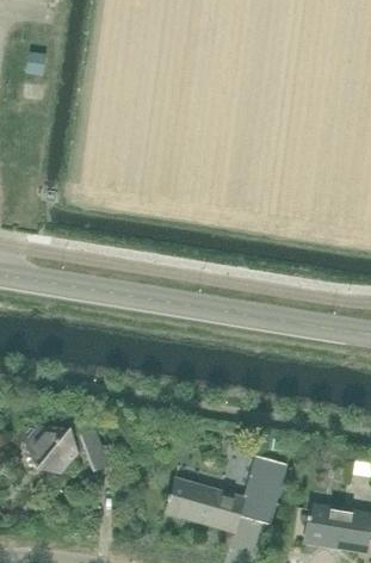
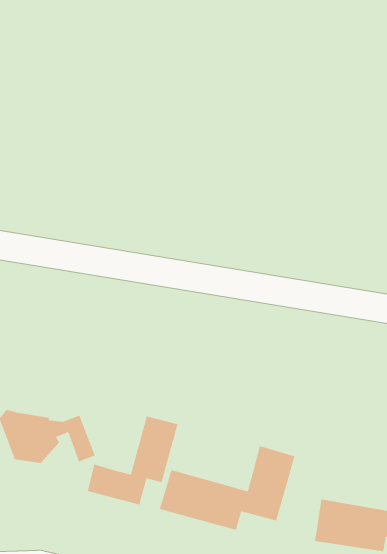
building: none -> [87,416,179,505]

